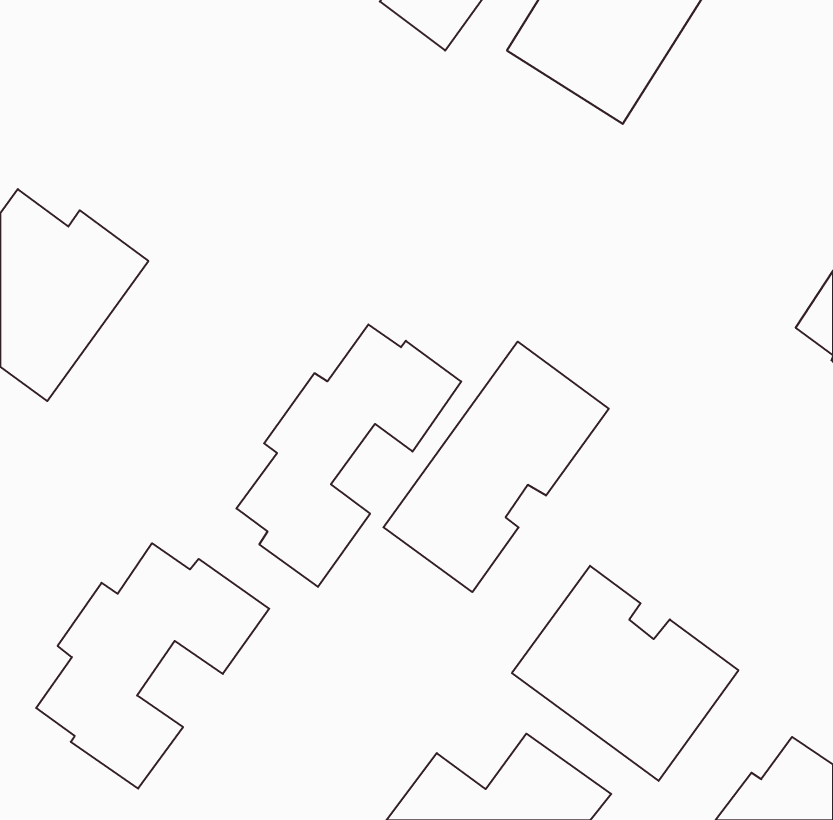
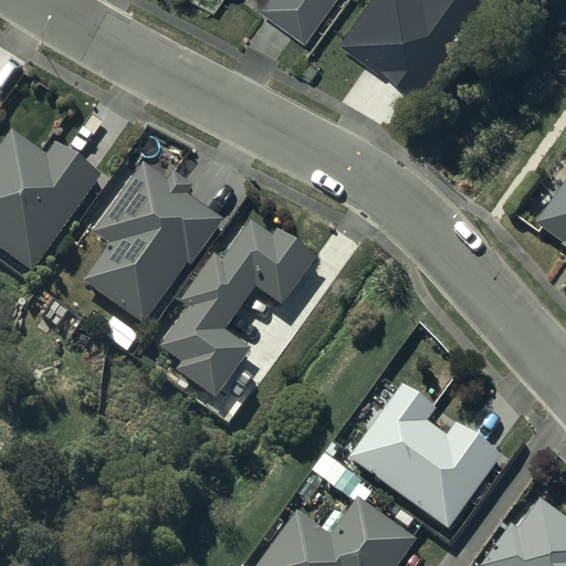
building: none -> [84,163,222,323]
building: [383,342,609,592] -> none
building: [36,543,269,789] -> none

